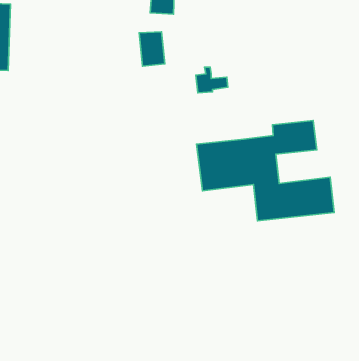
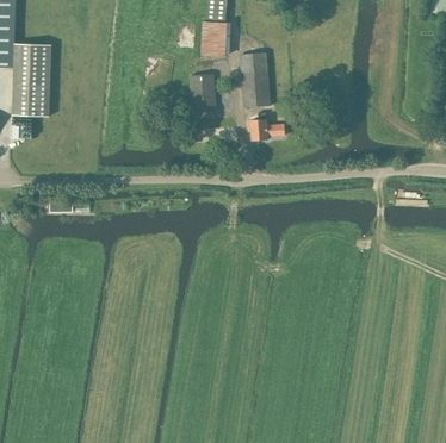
building: none -> [240,52,271,106]
building: [197,120,334,221] -> none

